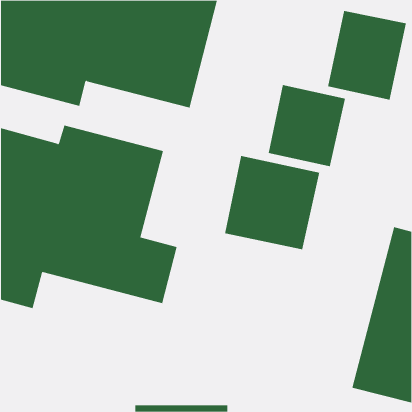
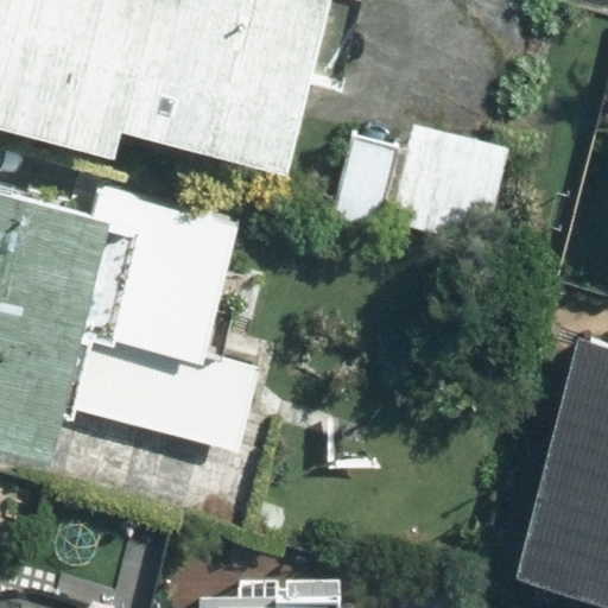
building: [328,10,406,100] -> none
building: [225,155,320,250] -> none

